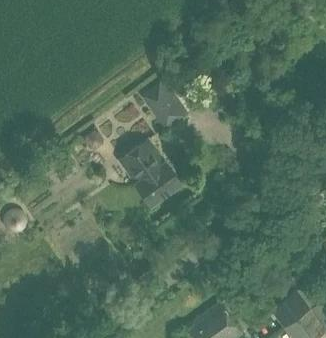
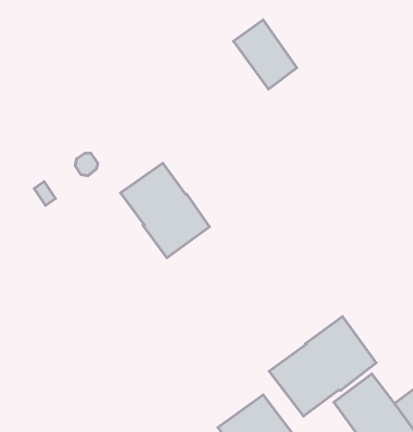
building: [141,81,186,130] -> [233,20,297,89]
building: none -> [269,317,376,416]

